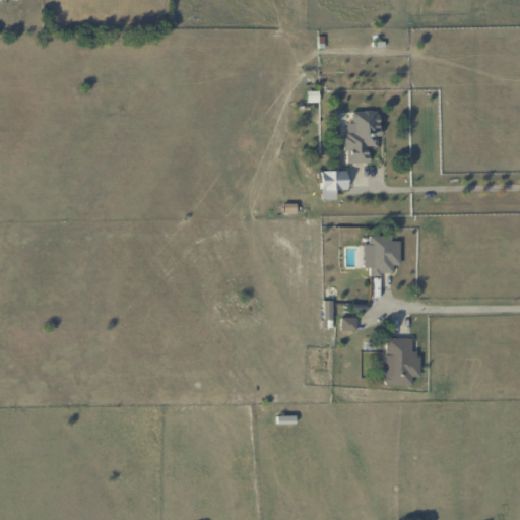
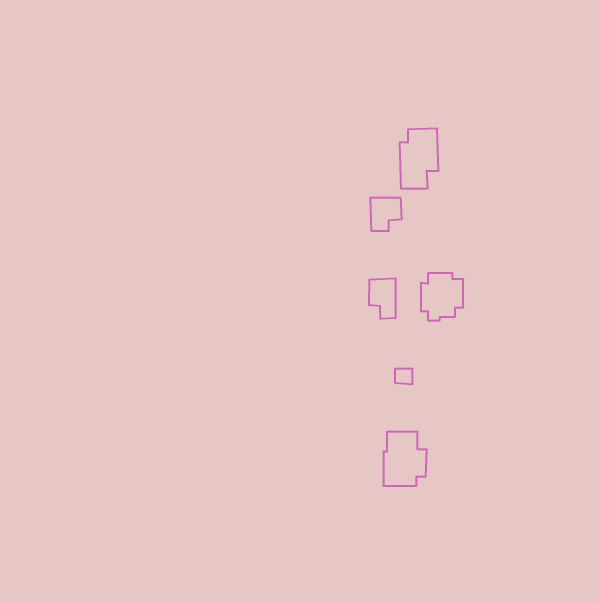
building: none -> [369,278,395,319]
building: [384,338,421,385] -> [383,432,427,486]

